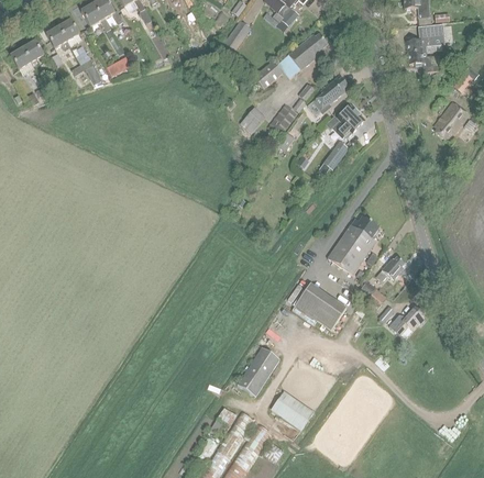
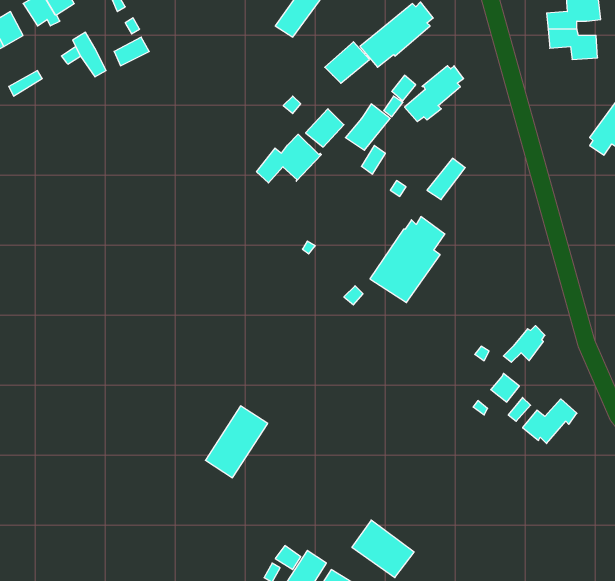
building: [331,103,365,137] -> none
building: none -> [257,134,321,183]
building: [327,214,378,274] -> [370,217,445,303]
building: [293,279,345,327] -> none
building: [237,345,279,394] -> [205,406,268,478]

